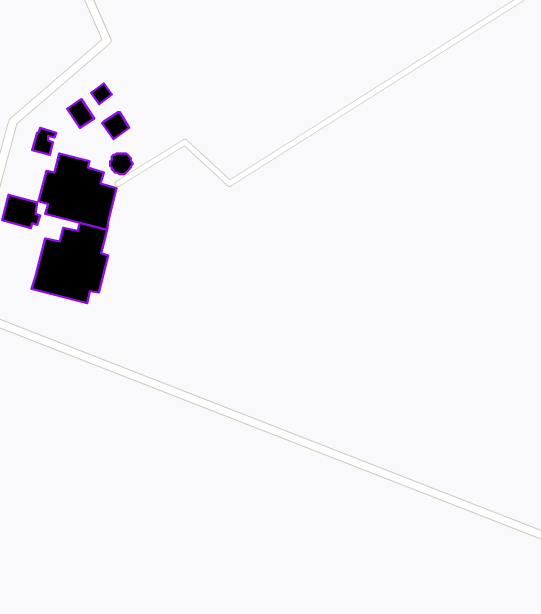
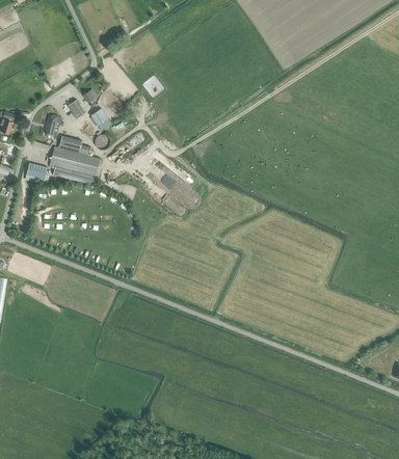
building: [31,223,108,303] -> none

